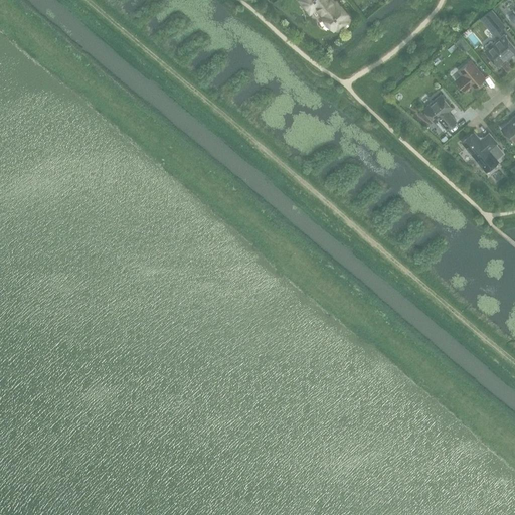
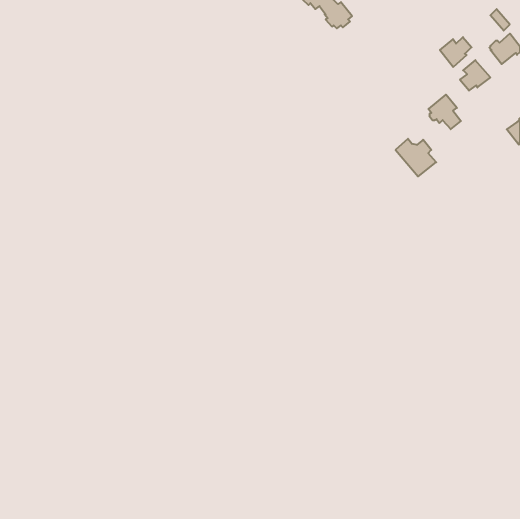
building: none -> [440,37,472,67]
building: [462,131,502,168] -> [396,139,436,176]

